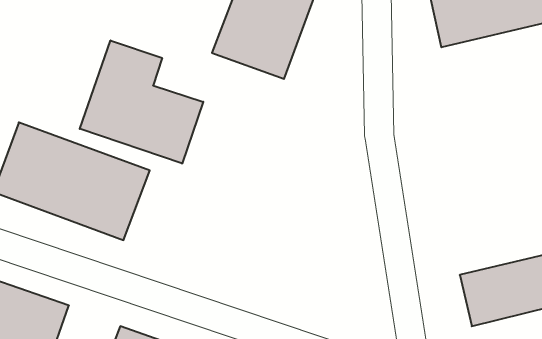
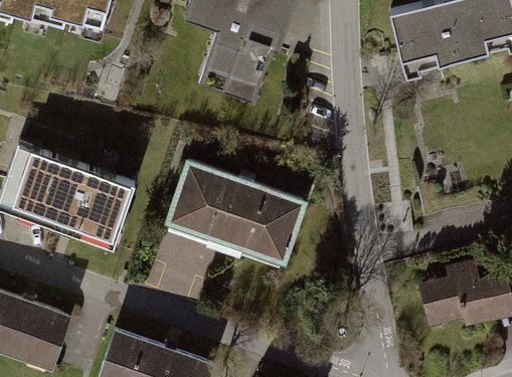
building: [80,40,203,164] -> none
building: none -> [166,161,306,266]

